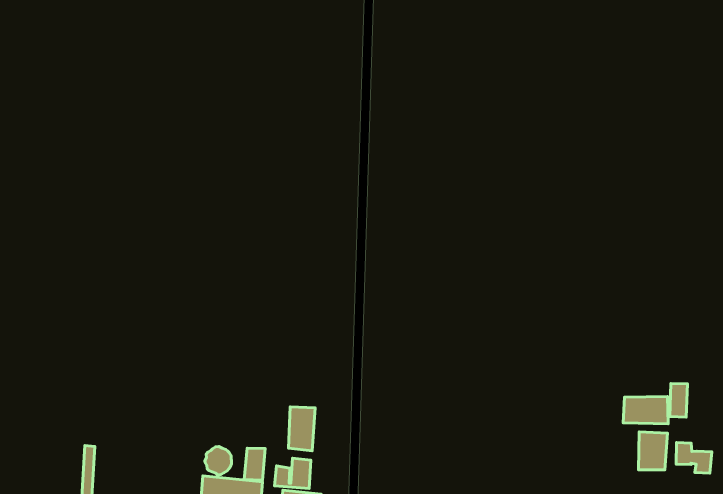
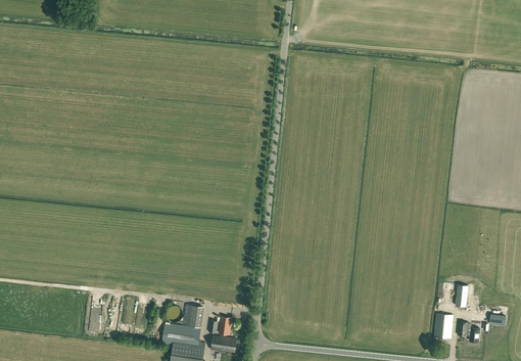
building: [623,396,668,424] -> none
building: [289,407,315,451] -> none

